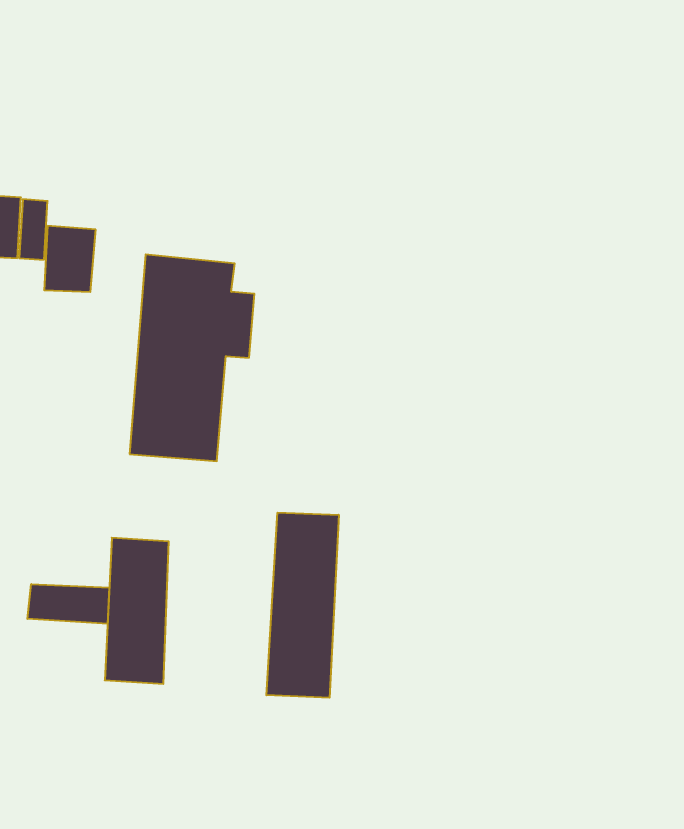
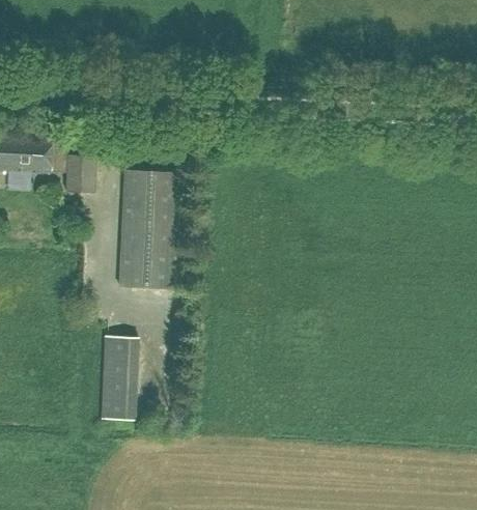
building: [266,513,339,698] -> none
building: [27,584,109,624] -> none

